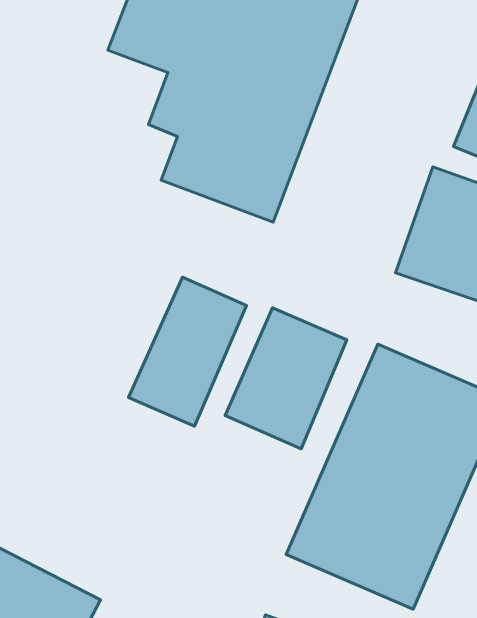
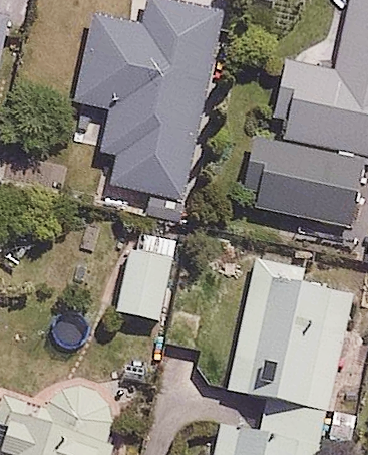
building: [225,308,347,449] -> none

